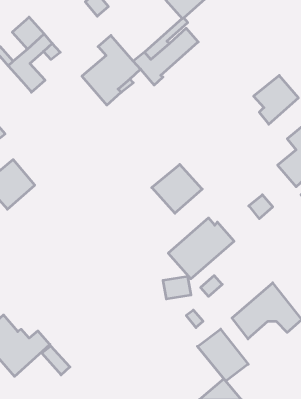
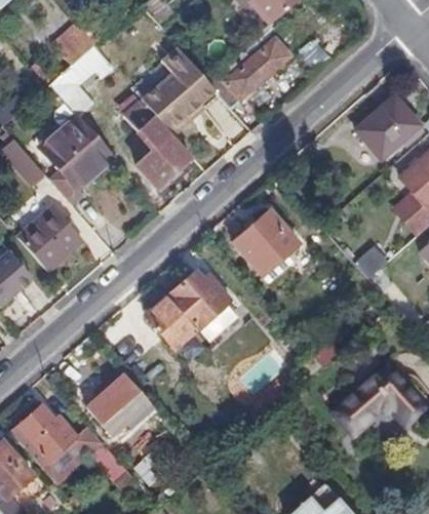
building: none -> [121,98,190,183]
building: none -> [43,104,112,201]
building: [168,218,234,279] -> [144,273,228,351]
building: none -> [88,374,159,445]
building: [197,329,248,381] -> none

